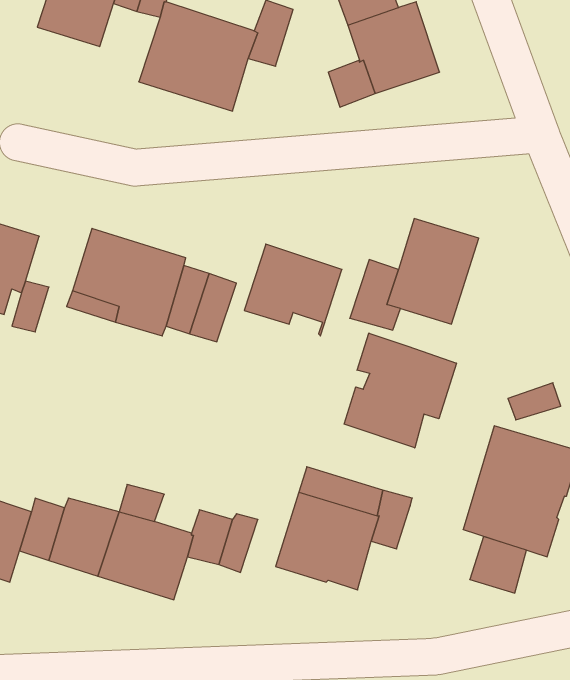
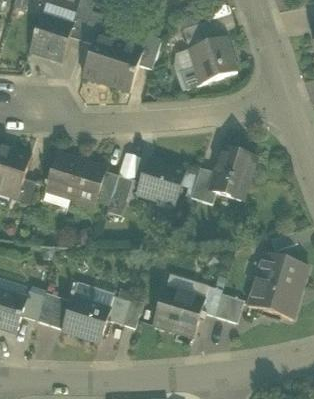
building: [344,333,456,448] -> none
building: [470,536,526,593] -> [214,293,243,322]

